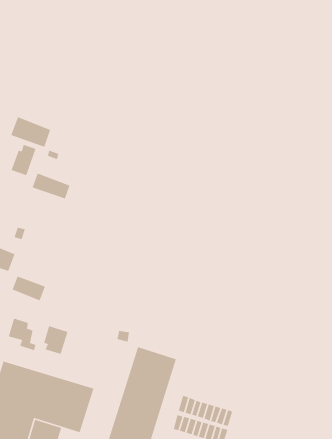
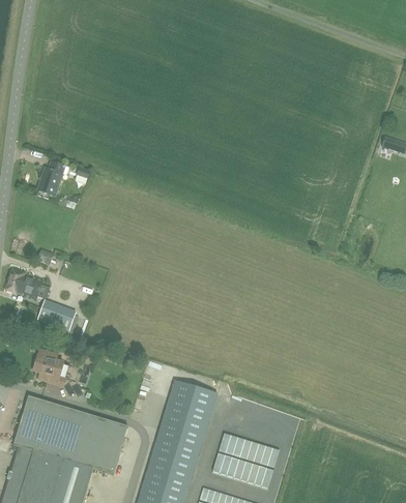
building: [10,116,51,148] -> none
building: [32,173,71,200] -> none
building: [43,325,69,355] -> none

